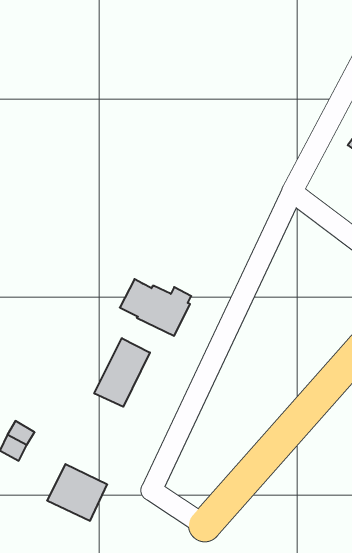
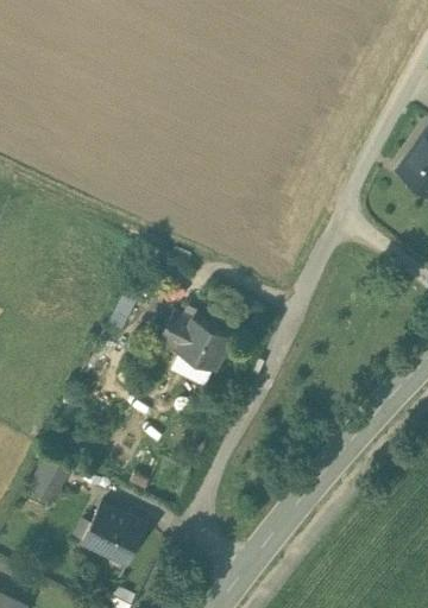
building: [94,338,150,407] -> none

